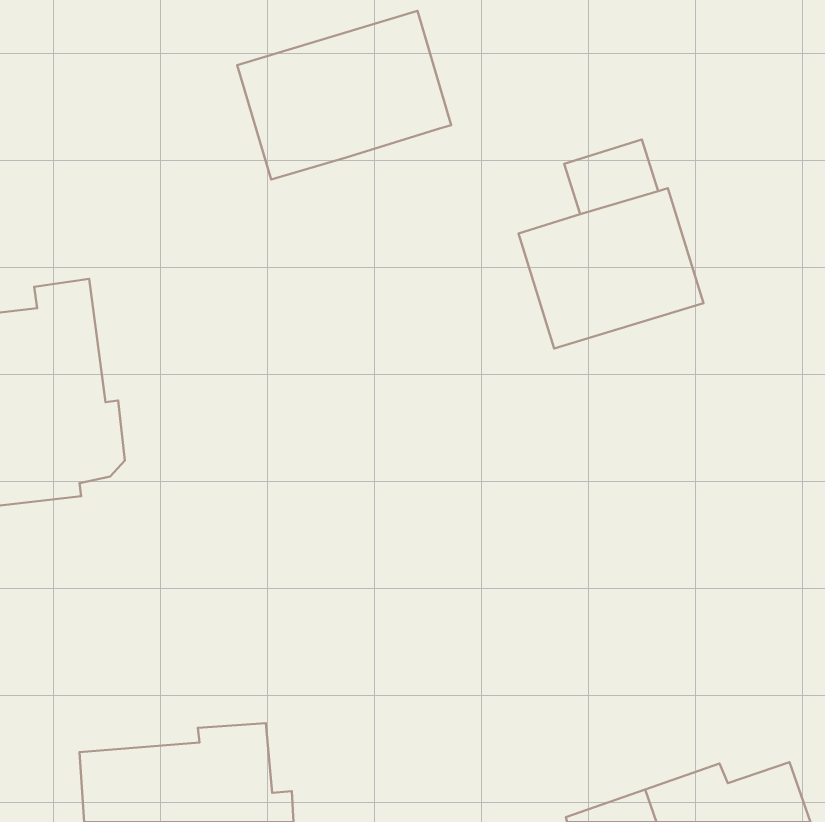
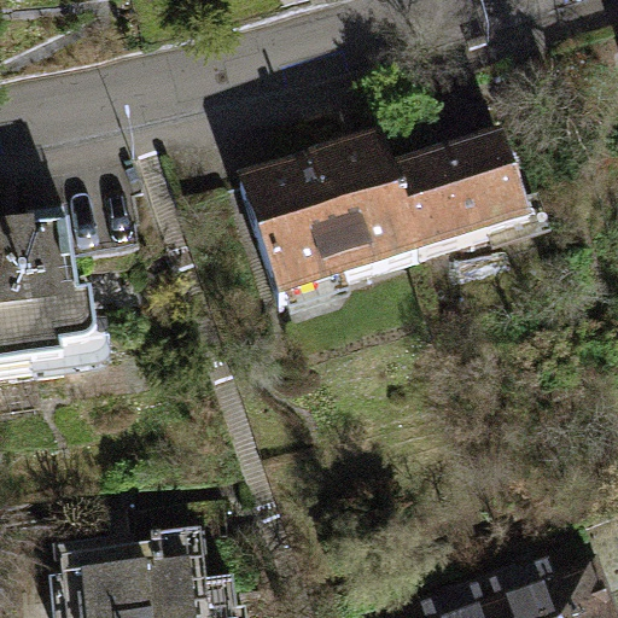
building: [237,11,451,180] -> none
building: none -> [243,141,413,299]

